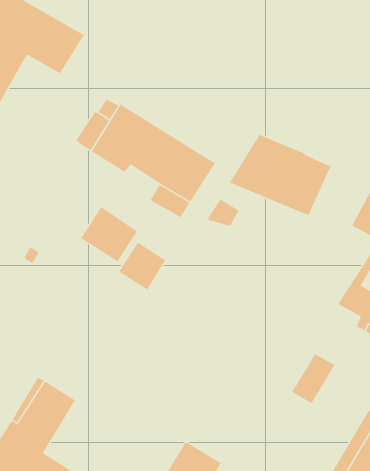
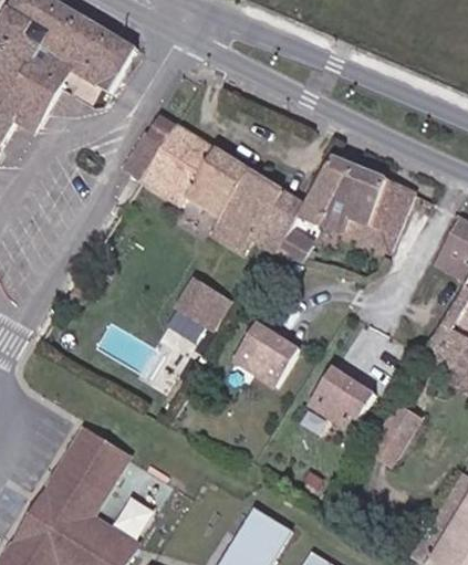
building: none -> [252,190,305,252]
building: [80,206,138,263] -> none
building: none -> [231,324,298,388]
building: none -> [308,367,373,432]

